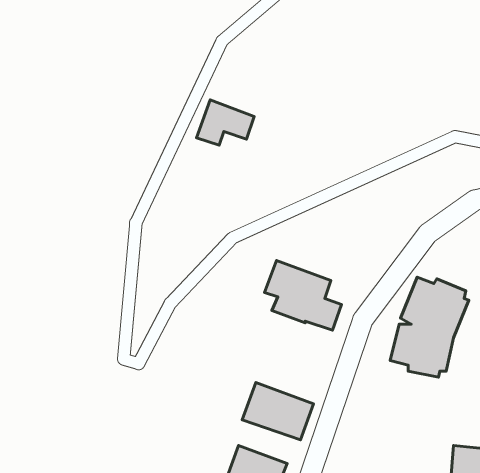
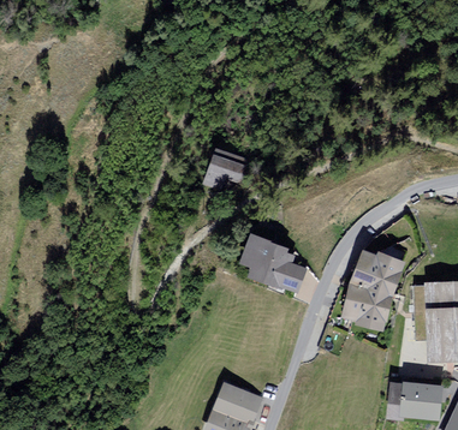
building: [196,100,254,145] -> [203,153,249,189]
building: [242,383,313,440] -> none

